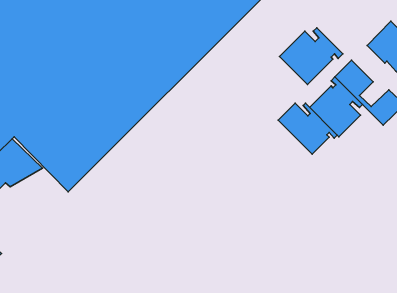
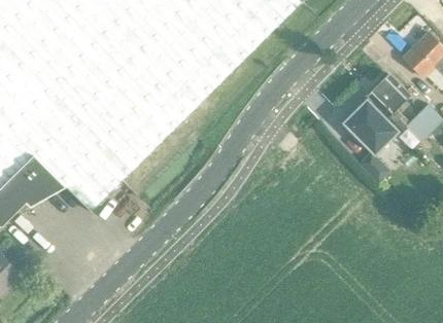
building: [279,28,343,85] -> none
building: [278,103,337,154] -> none

